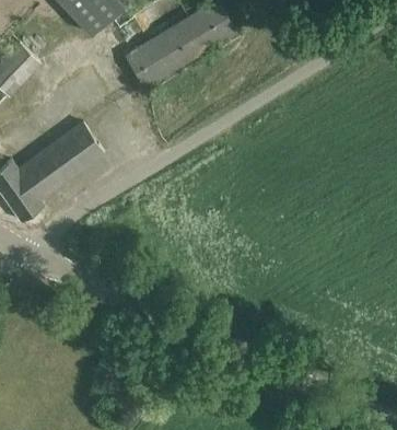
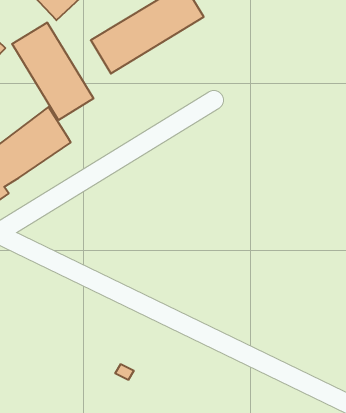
building: none -> [12,22,93,120]

